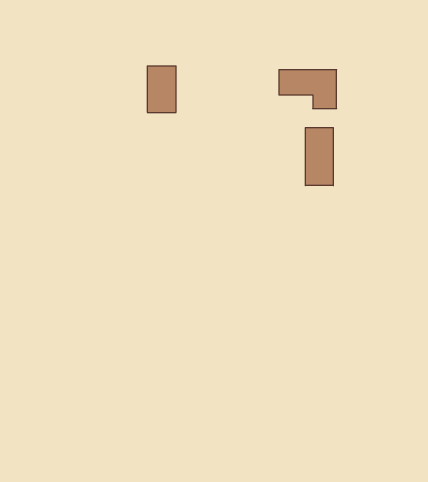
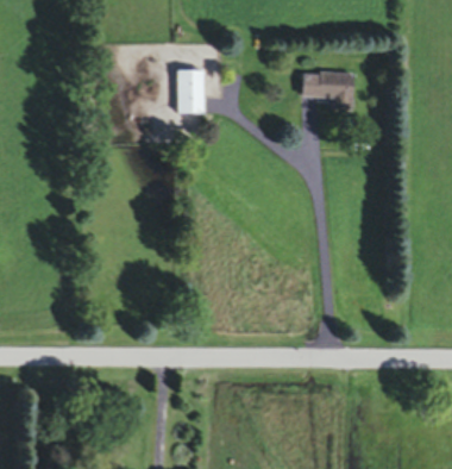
building: [305,128,333,186] -> none

